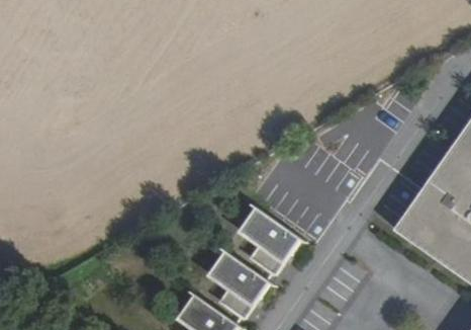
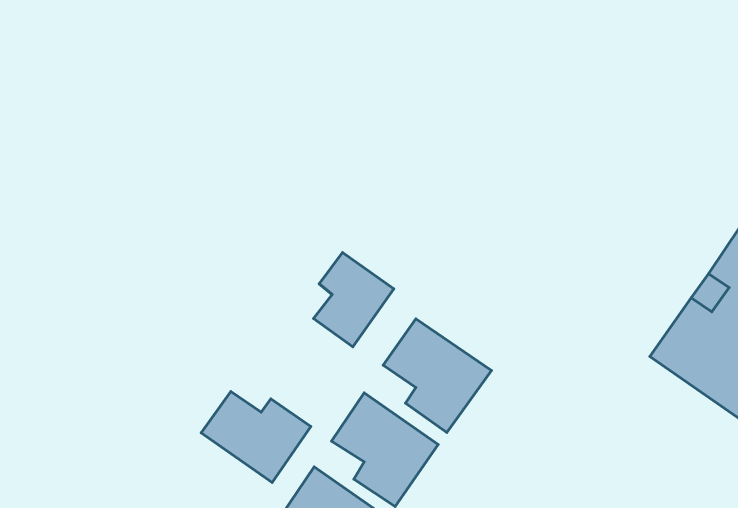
building: none -> [314,252,394,347]
building: none -> [201,392,311,482]

